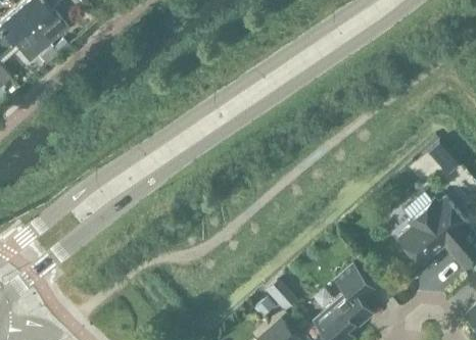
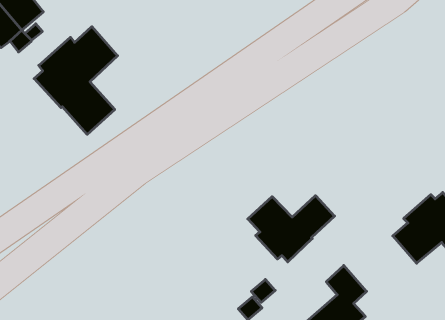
building: none -> [34,27,118,134]
building: none -> [248,196,335,262]

